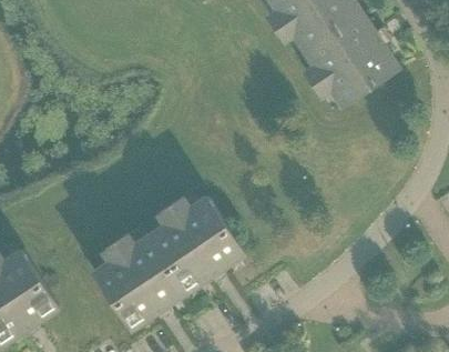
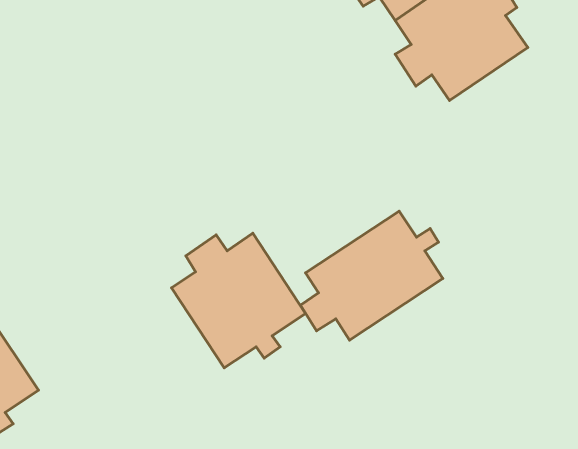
building: none -> [301,211,443,340]
building: [93,234,186,328] -> none

